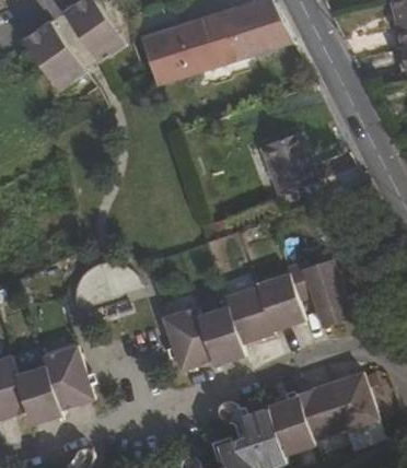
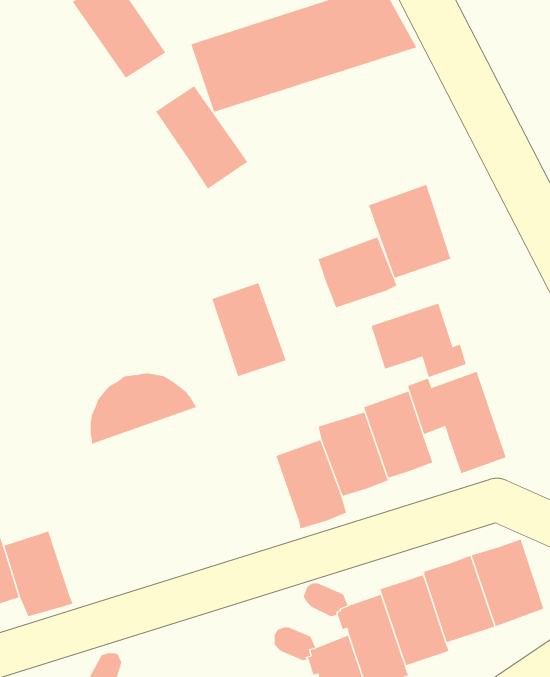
building: [22,20,84,90] -> [155,85,248,190]
building: none -> [318,236,397,308]
building: none -> [371,303,467,378]
building: [163,306,213,370] -> [211,282,286,377]
building: [43,346,93,409] -> none

